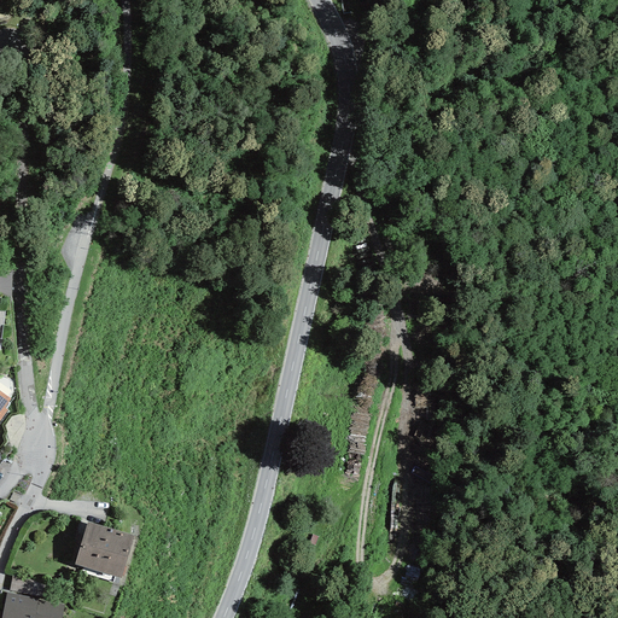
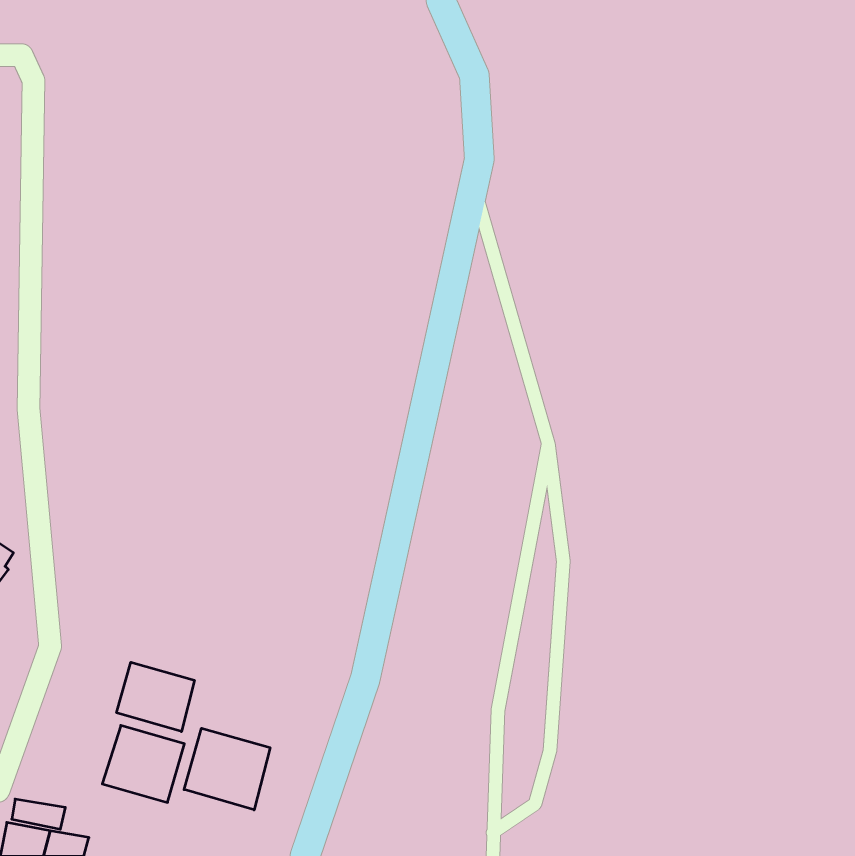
building: none -> [117,662,194,732]
building: none -> [184,728,270,810]

